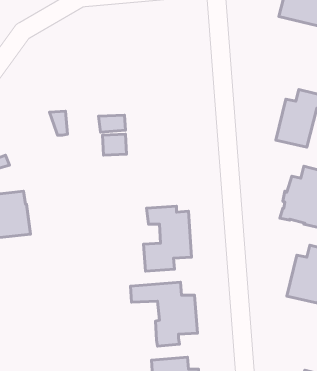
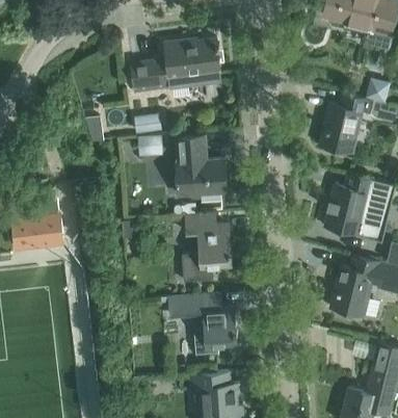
building: none -> [131,40,222,94]
building: none -> [176,136,228,197]

